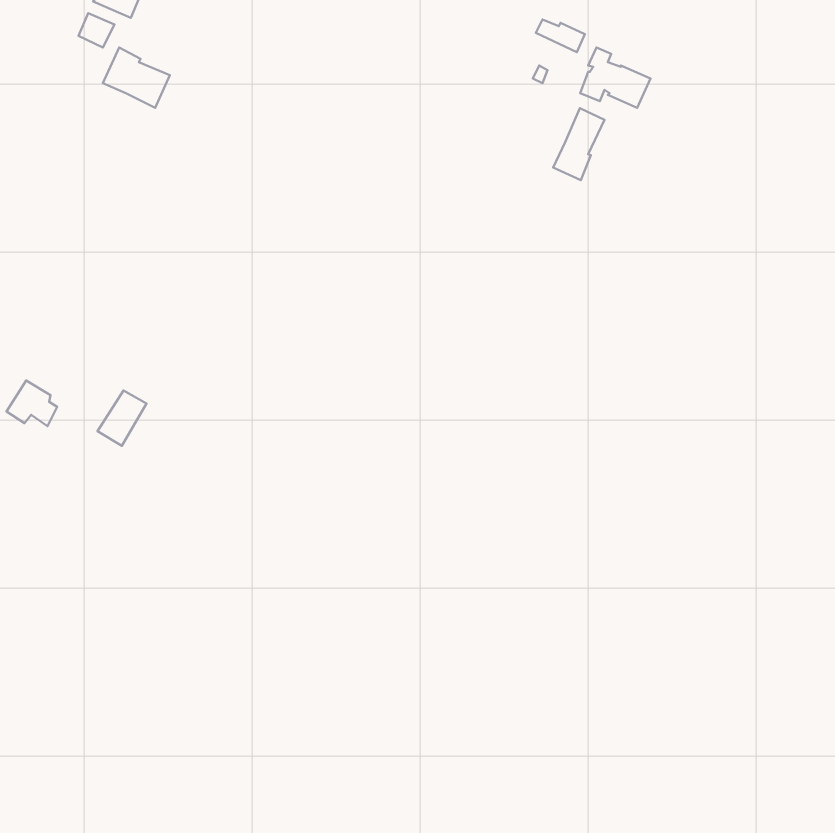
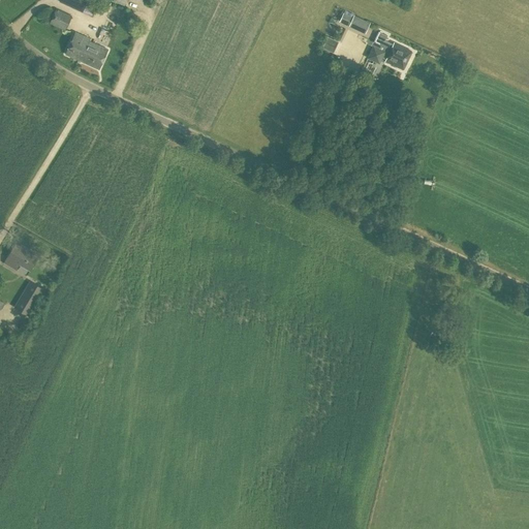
building: [553,108,605,180] -> none
building: [97,390,146,446] -> [13,280,44,315]

